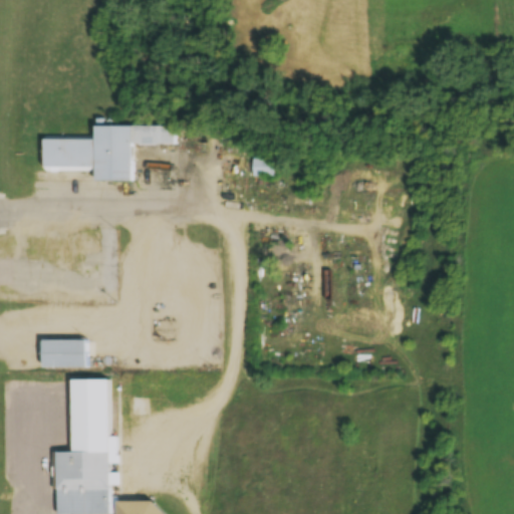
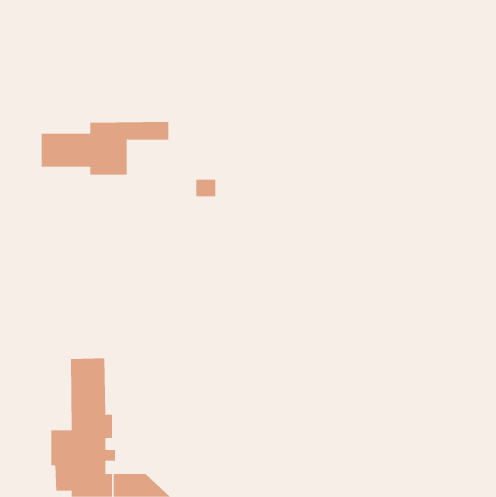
building: [251,159,272,177] -> [196,179,216,197]
building: [41,341,86,369] -> none

